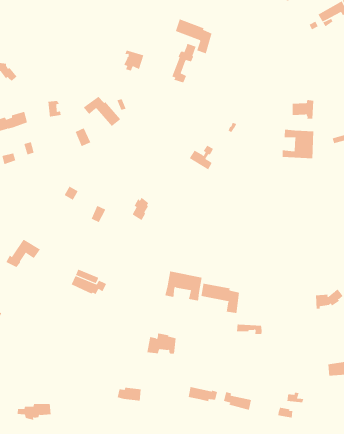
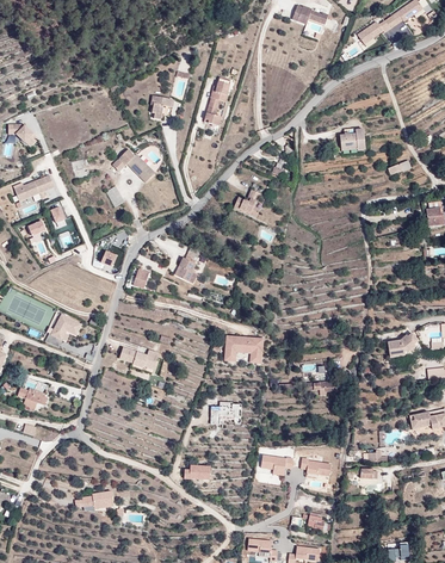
building: [175,18,212,54] -> none
building: [282,129,314,159] -> none
building: [201,283,239,314] -> none

